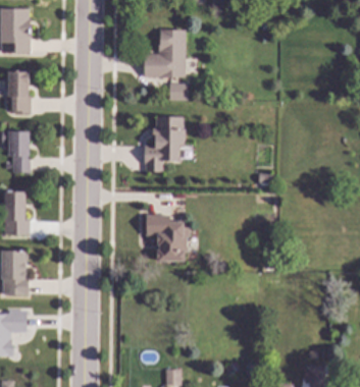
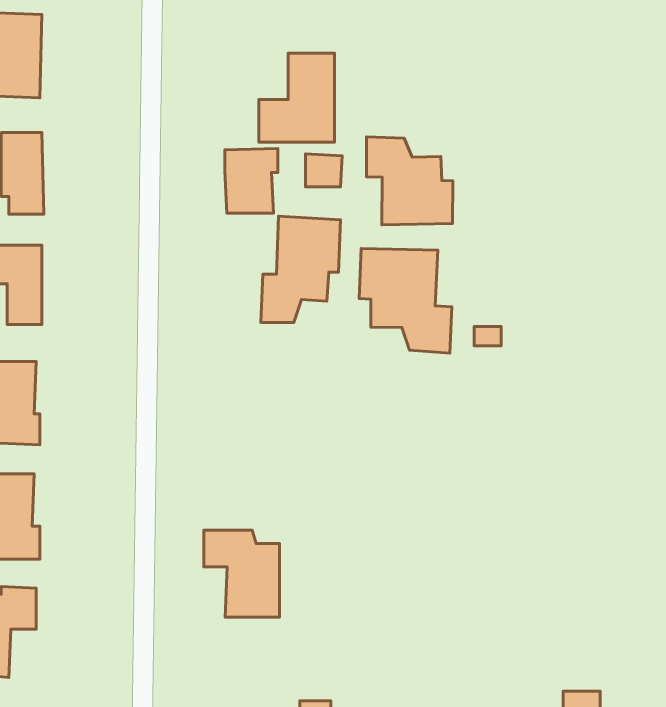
building: none -> [367,137,453,225]
building: none -> [225,148,278,213]
building: none -> [359,249,452,353]
building: [145,215,185,261] -> [204,530,279,617]

